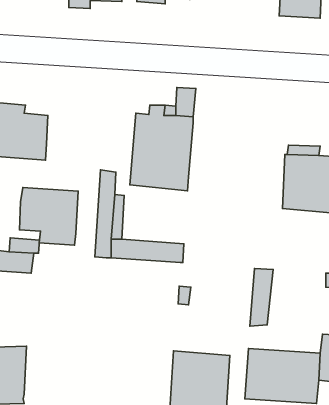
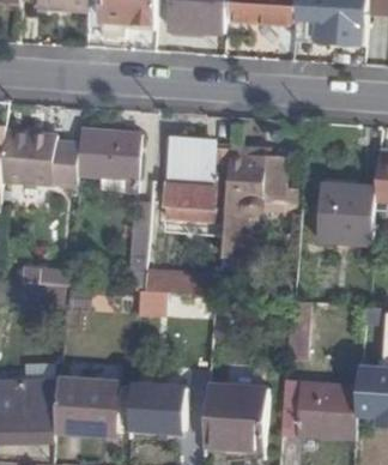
building: none -> [218,152,283,260]
building: [19,188,78,245] -> [77,131,137,189]
building: none -> [54,380,115,434]
building: none -> [128,385,184,430]

